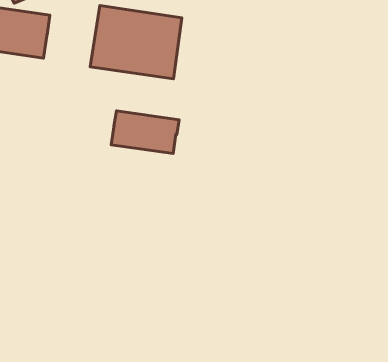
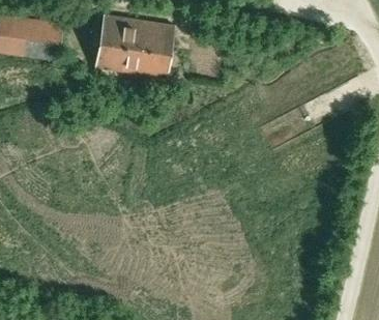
building: [111,111,179,154] -> none

